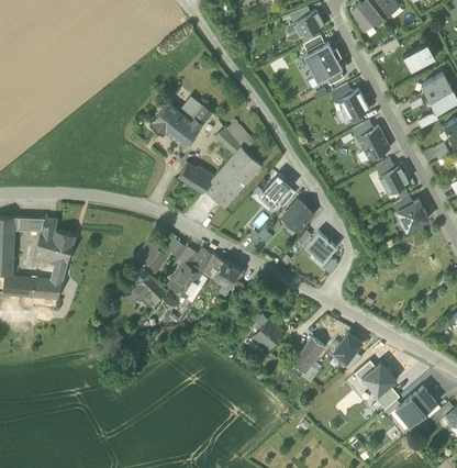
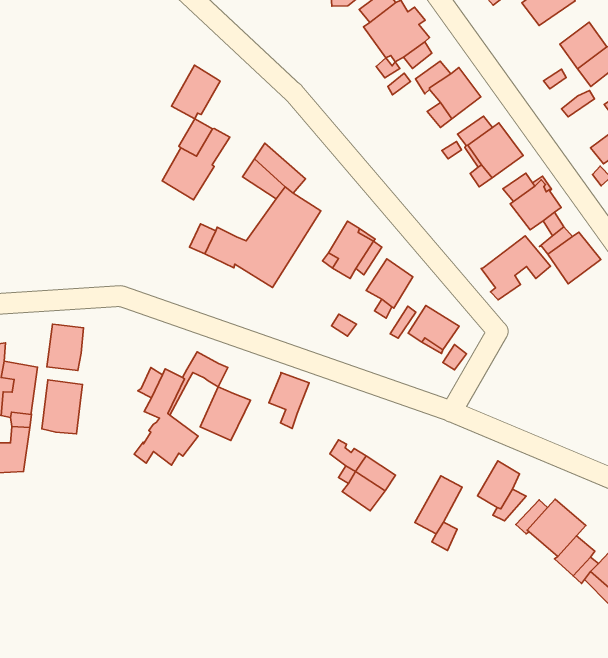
building: [149,102,181,135] -> [171,65,220,119]
building: none -> [481,236,551,300]
building: none -> [47,324,84,371]
building: none -> [42,380,82,434]
building: [192,249,223,278] -> none

